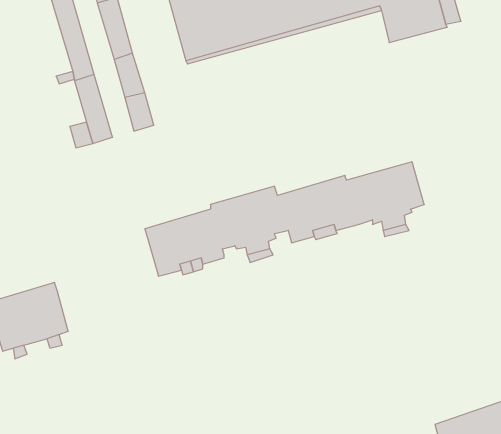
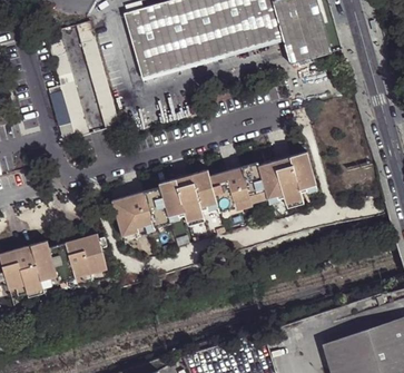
building: none -> [48,233,106,283]

